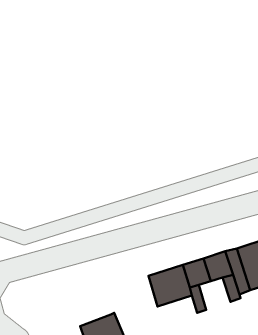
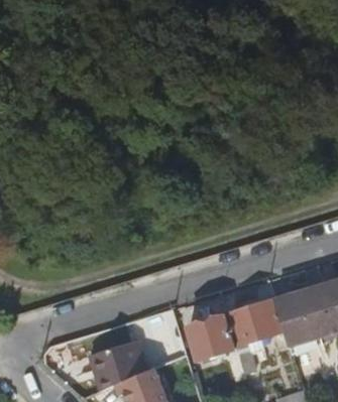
building: none -> [85,341,144,388]

